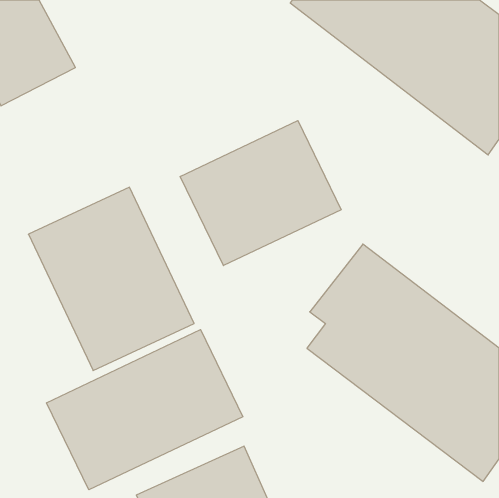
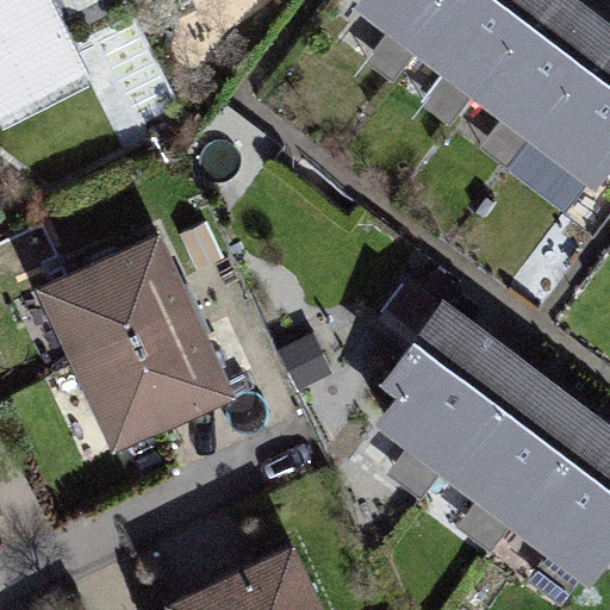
building: [180,121,341,266] -> none
building: [47,330,243,490] -> none

